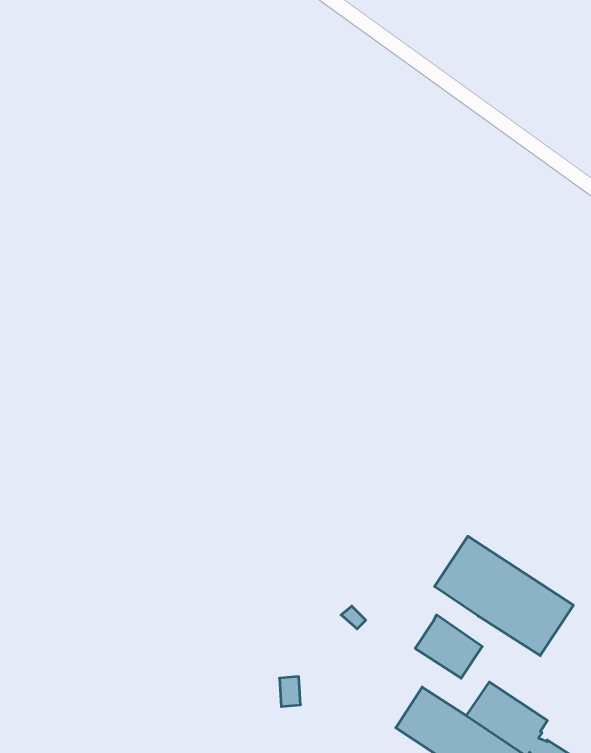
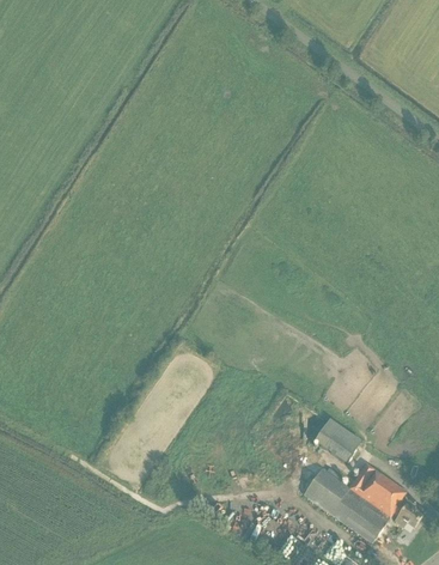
building: [435,536,573,656] -> none

